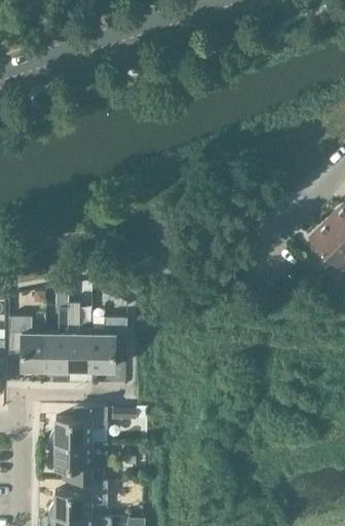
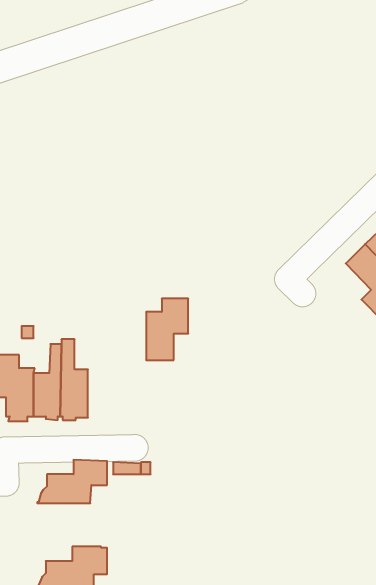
building: [89,317,125,370] -> [146,299,188,360]
building: [46,443,106,480] -> none

